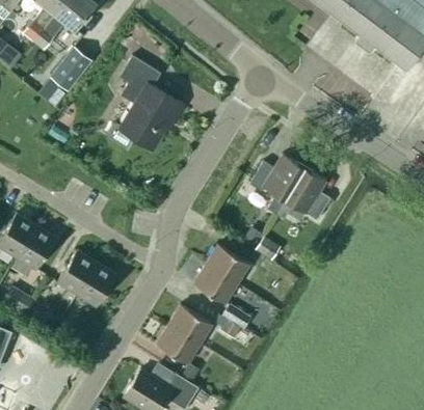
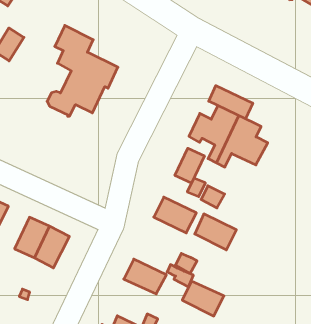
building: none -> [209,86,253,119]
building: none -> [175,148,204,183]
building: [193,264,237,303] -> [195,214,236,250]
building: [156,325,200,363] -> [182,281,224,316]

